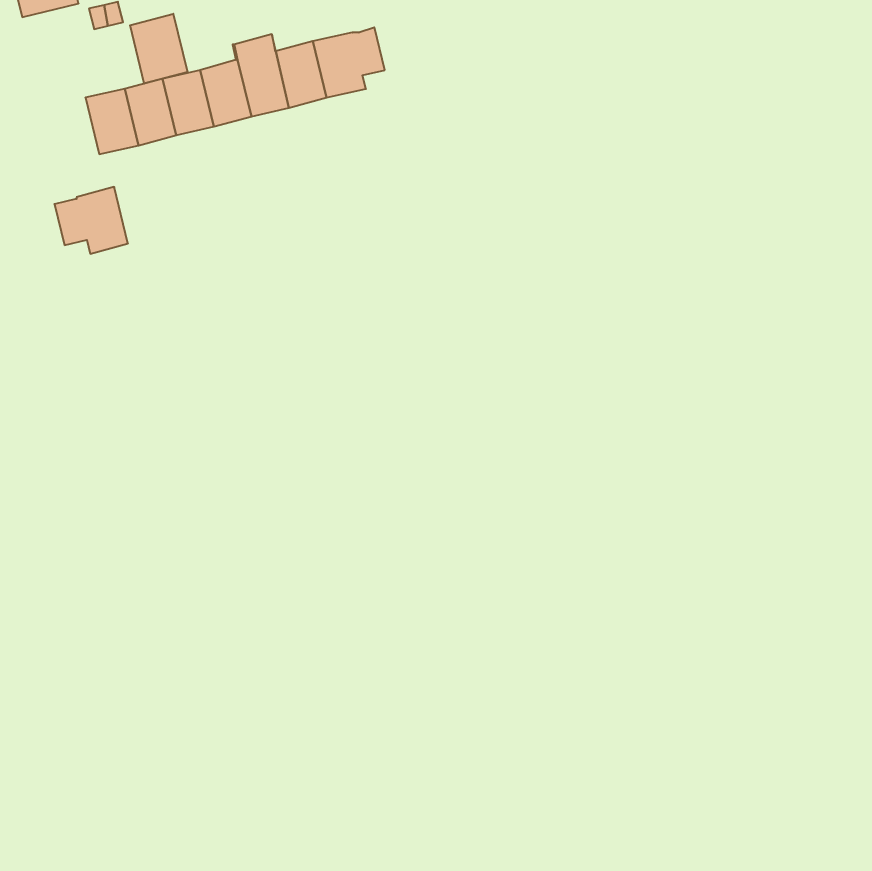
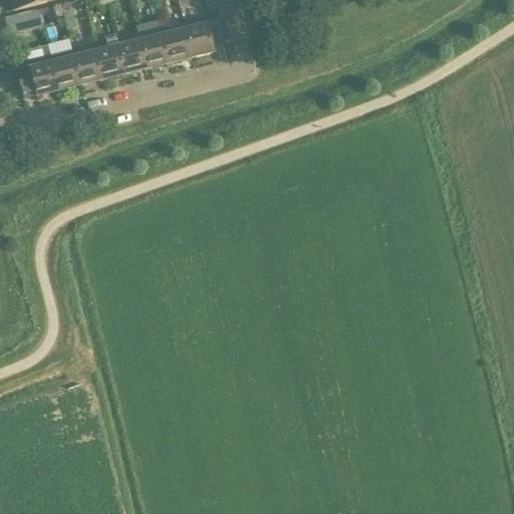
building: none -> [7,8,43,32]
building: [130,14,187,84] -> none
building: [54,187,128,254] -> [16,57,59,96]

